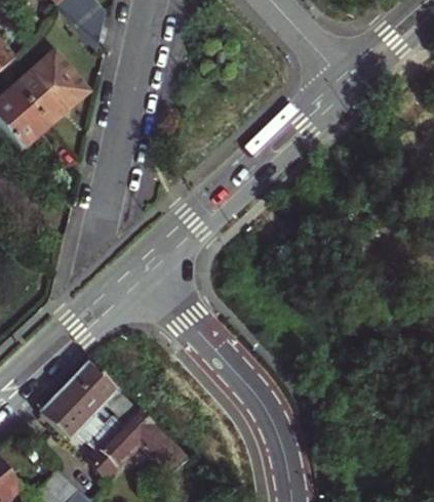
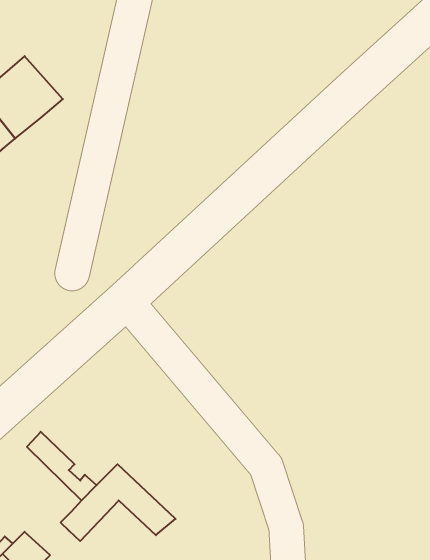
building: [70,363,137,428] -> none
building: [38,394,106,452] -> none

